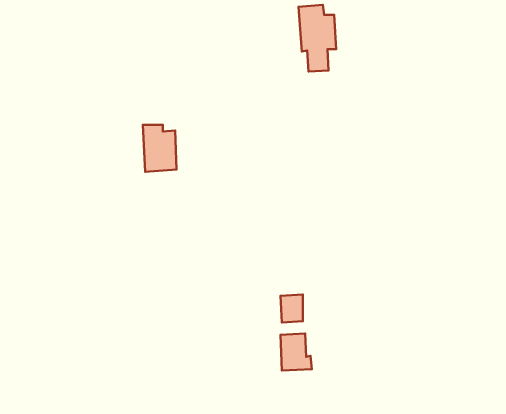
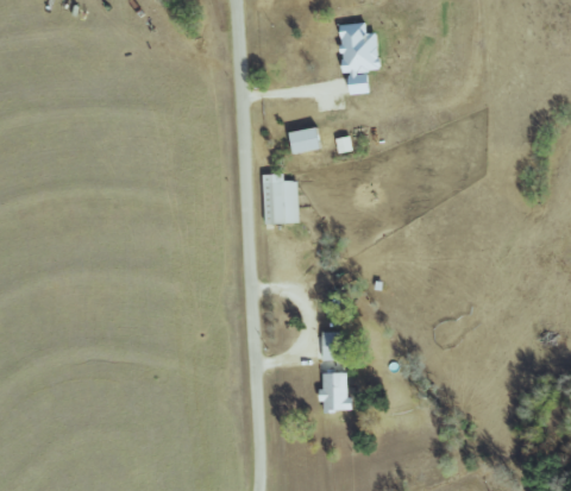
building: none -> [290,126,322,153]
building: [143,125,176,172] -> [262,174,297,224]

